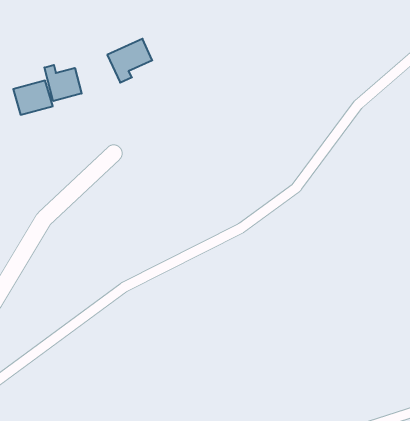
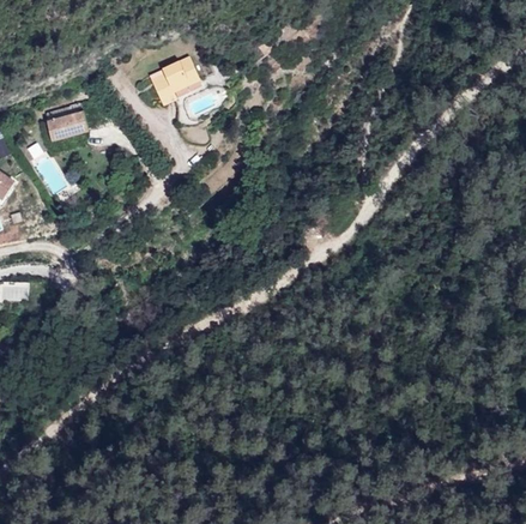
building: [44,65,82,101] -> none

